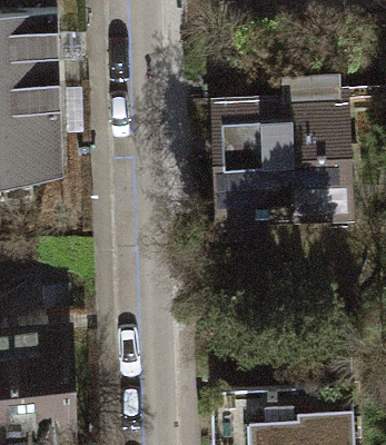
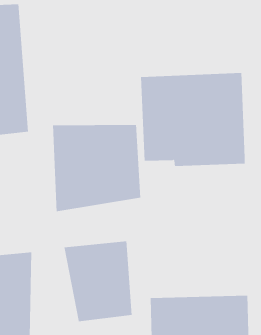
building: none -> [52,124,141,212]
building: none -> [64,241,132,322]

